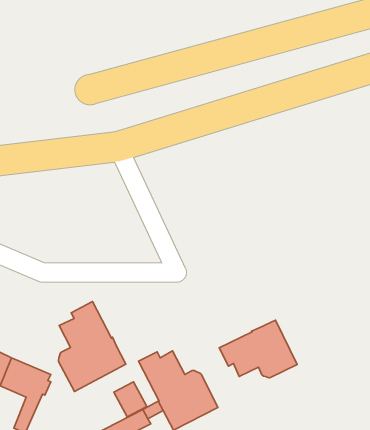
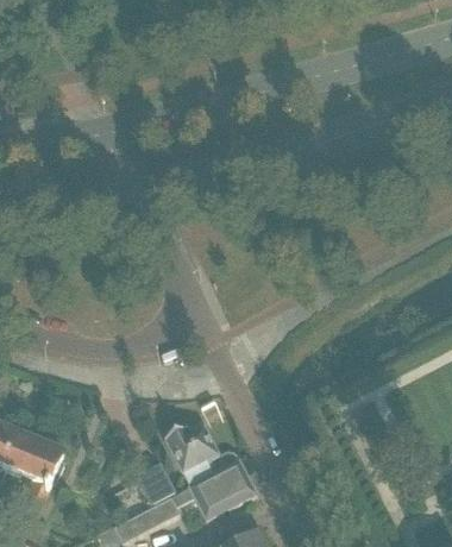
building: [58,301,126,391] -> none
building: [219,320,297,378] -> none

